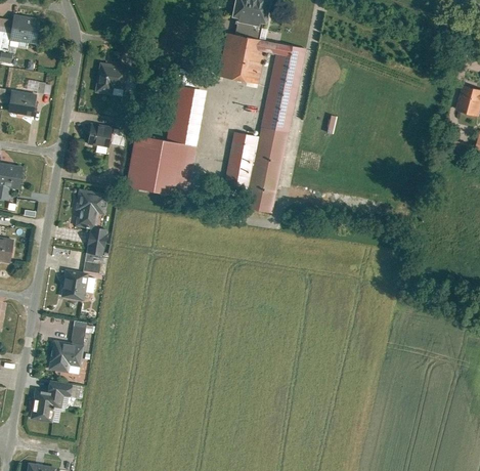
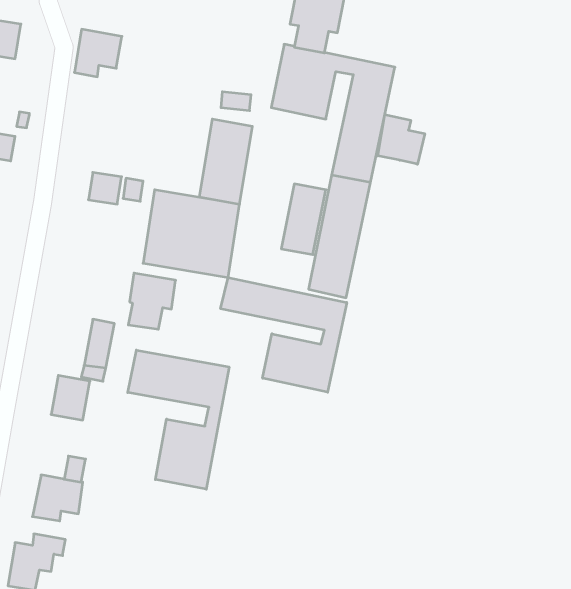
building: [95,61,129,95] -> [74,29,122,77]
building: none -> [378,115,425,164]
building: [75,188,108,228] -> [128,273,176,329]
building: none -> [221,278,347,392]
building: none -> [128,350,229,489]

